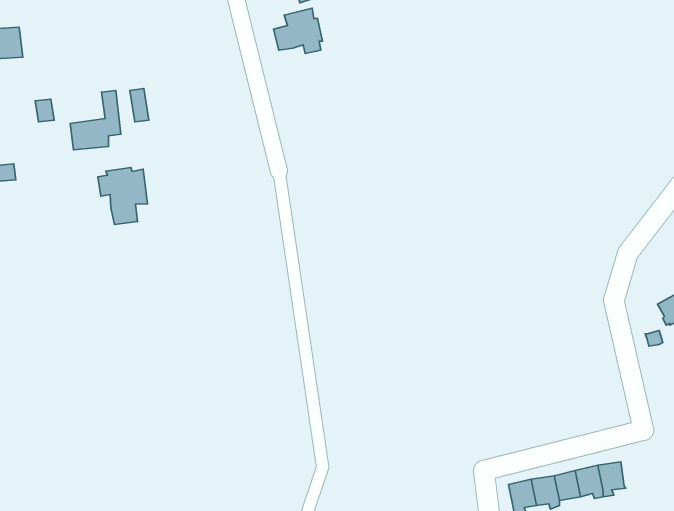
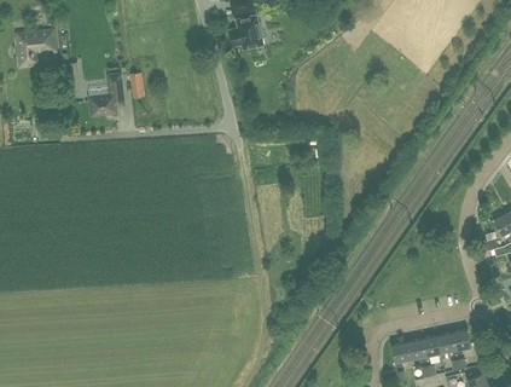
building: [98,168,147,224] -> none

